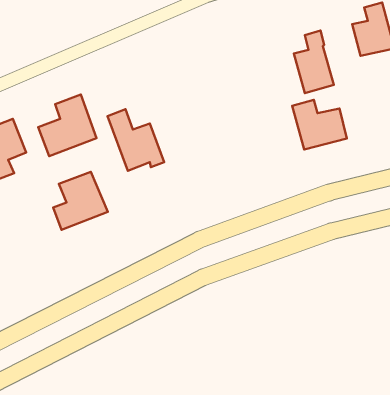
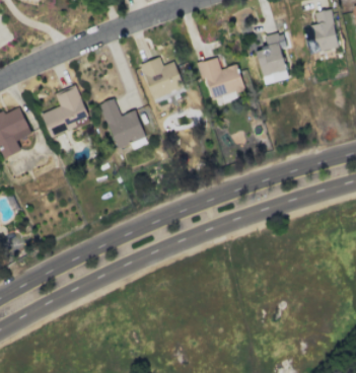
building: none -> [140,56,185,99]
building: [292,100,347,150] -> [199,57,244,98]
building: [53,172,108,230] -> none

